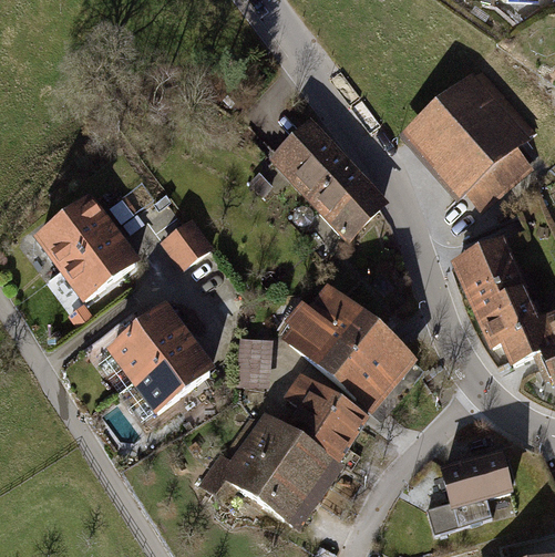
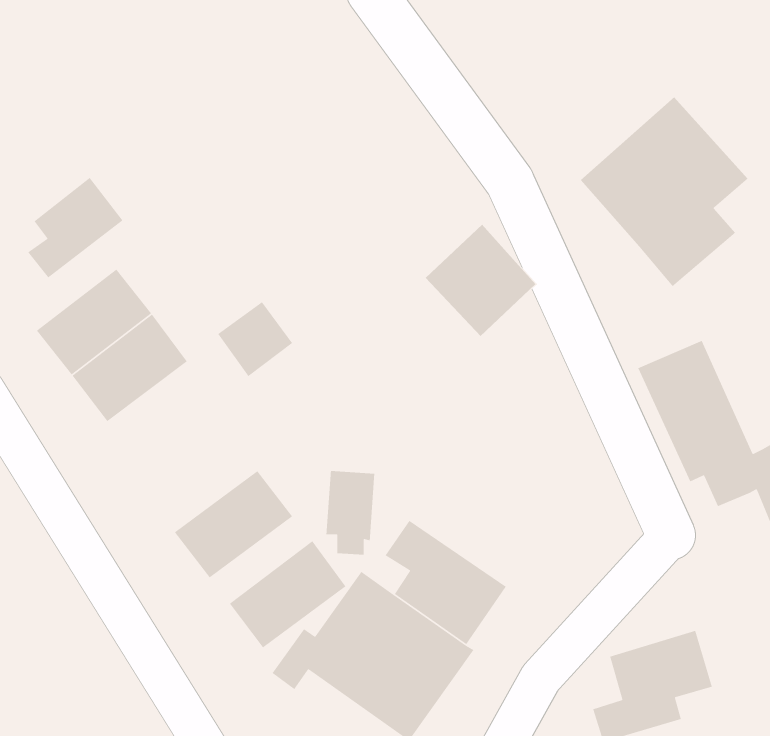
building: [267,118,348,199] -> none
building: none -> [27,177,123,279]
building: [277,282,414,413] -> none
building: [103,303,187,381] -> [229,540,347,649]

